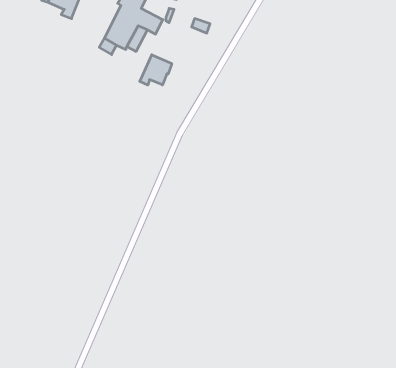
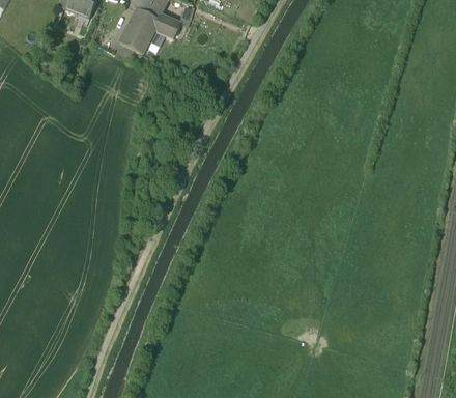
building: [140,55,172,85] -> none

